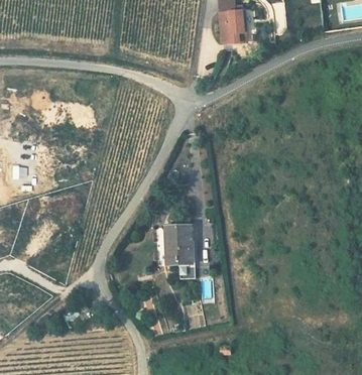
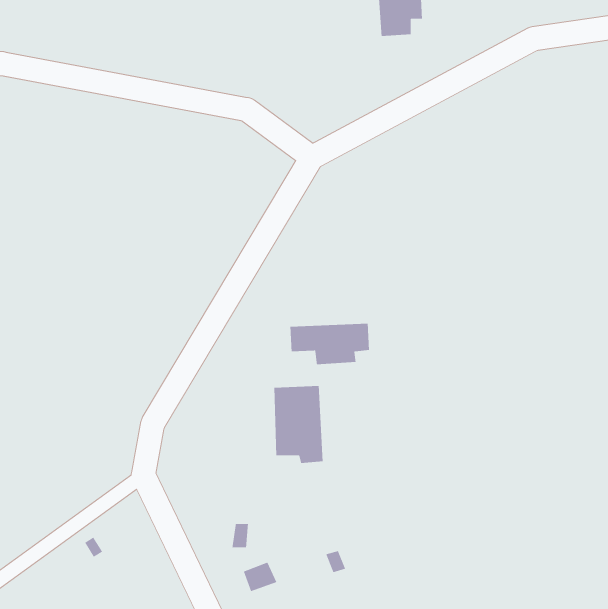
building: none -> [290,323,370,365]

